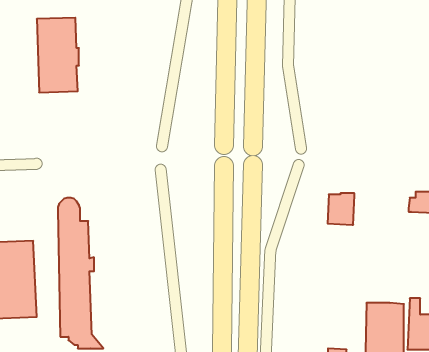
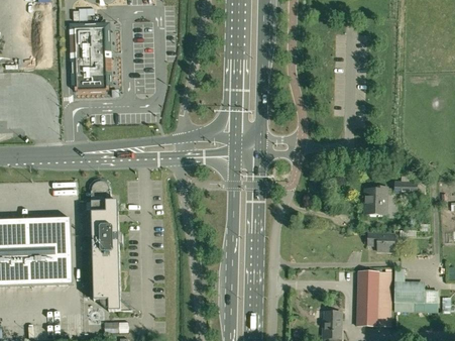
building: [328,193,354,225] -> [363,187,386,214]
building: none -> [367,232,393,250]

